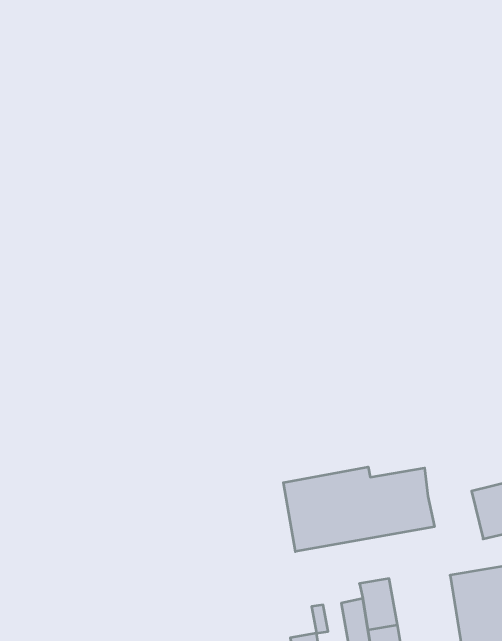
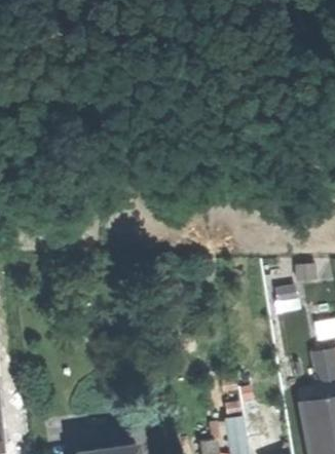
building: [283,467,434,552] -> none

